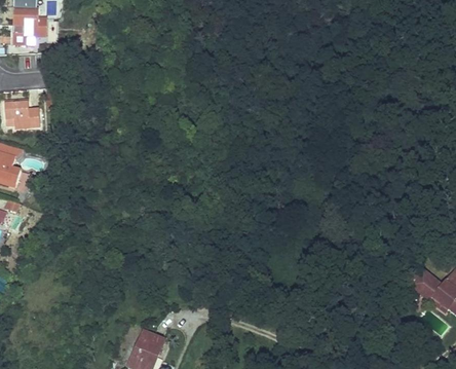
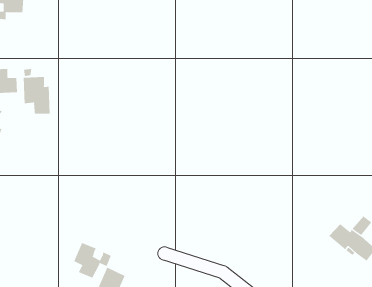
building: none -> [23,76,50,114]
building: none -> [73,242,111,279]

